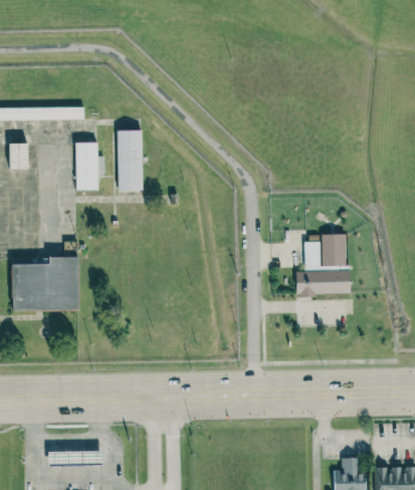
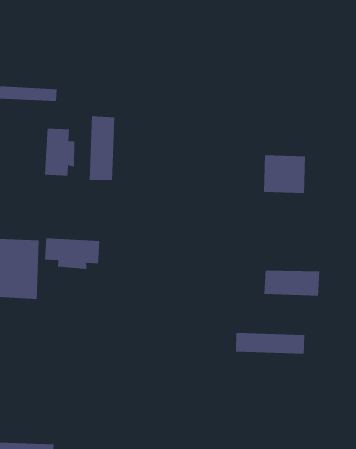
building: [304,233,346,270] -> [263,155,306,193]
building: none -> [44,238,100,270]
building: none -> [236,332,305,355]

